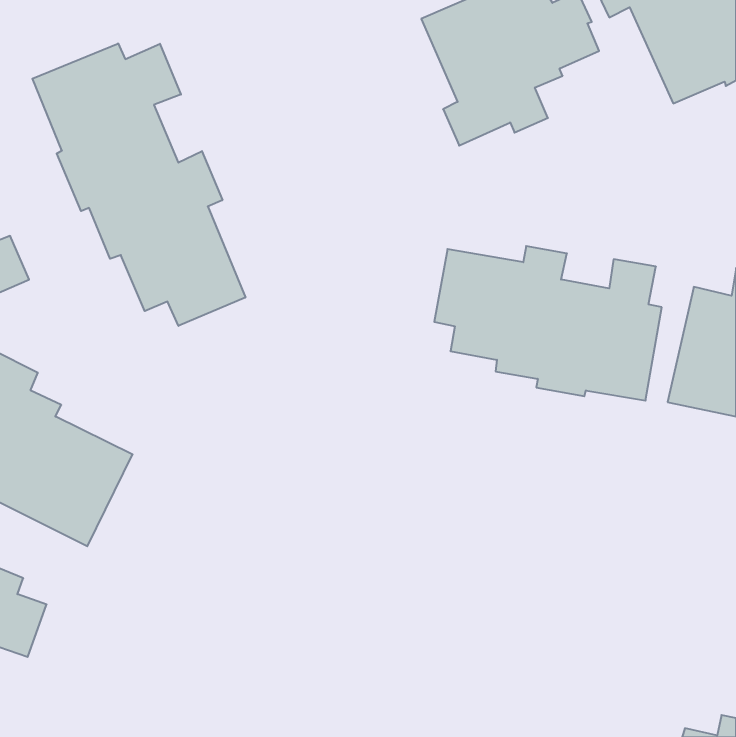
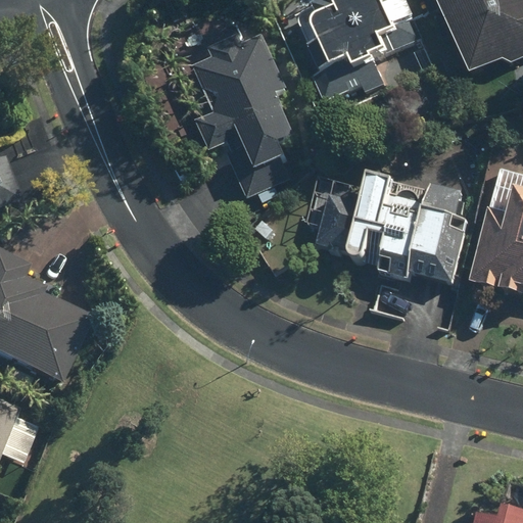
building: none -> [193,30,311,196]
building: [32,43,245,326] -> none

